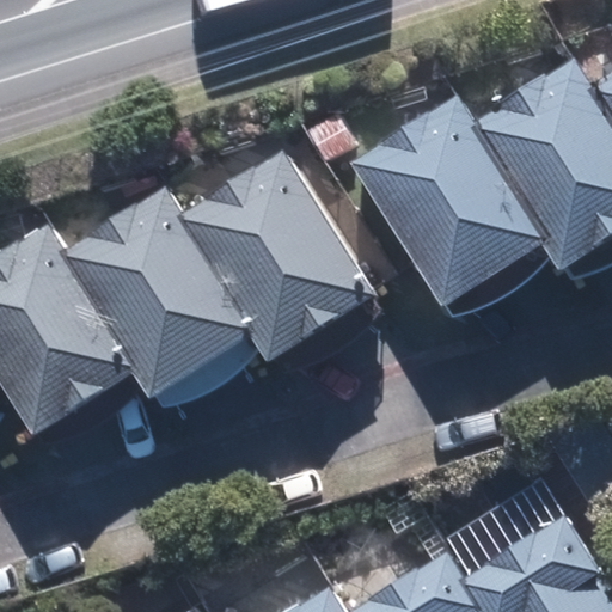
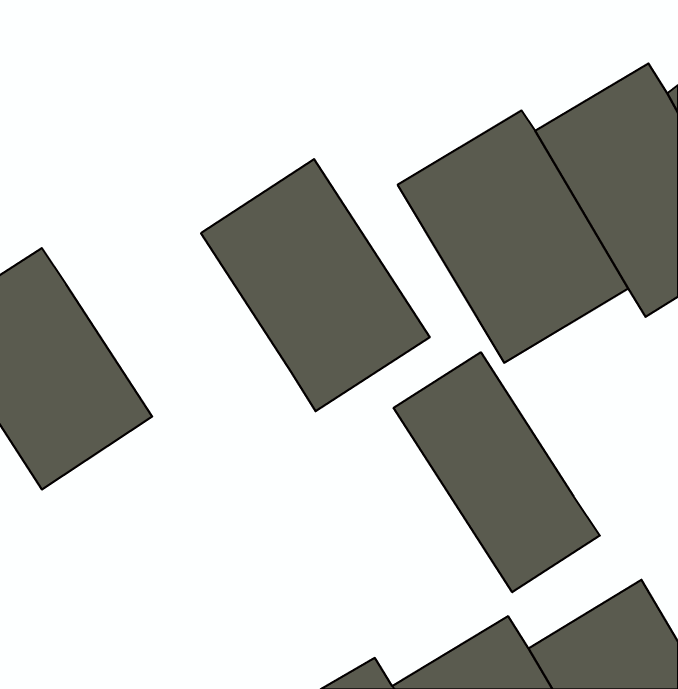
building: [59,184,258,398] -> none
building: none -> [394,352,600,592]

